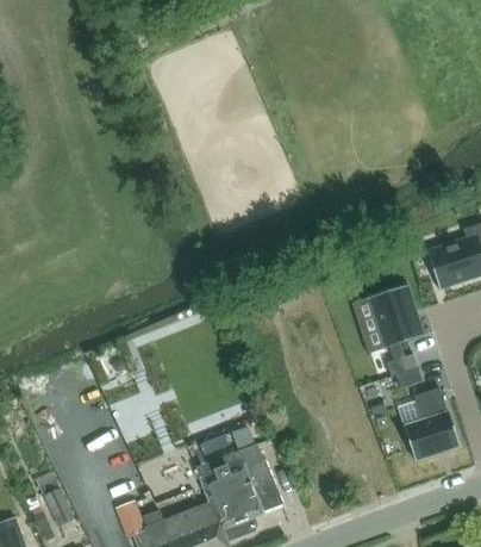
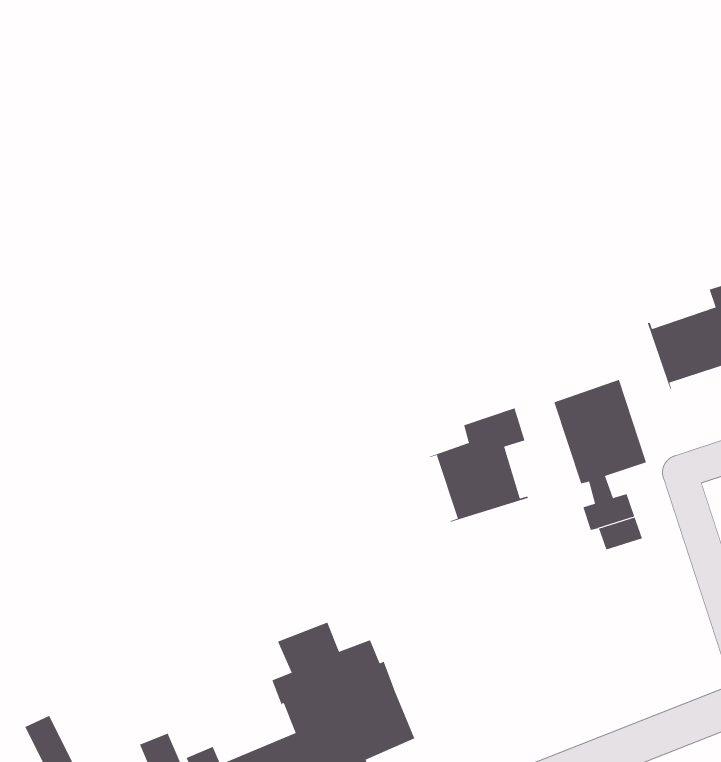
building: none -> [429,408,529,523]
building: [404,387,460,460] -> none

